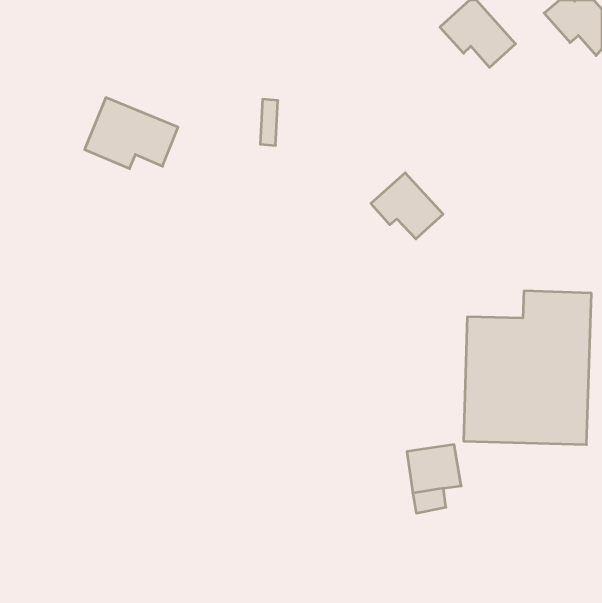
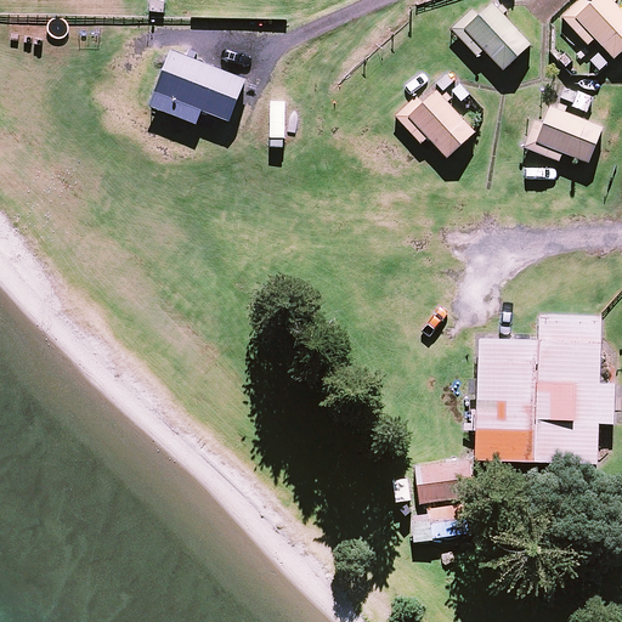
building: [85,98,178,169] -> [149,55,245,128]
building: none -> [521,106,601,162]
building: [371,173,443,239] -> [401,89,475,157]

